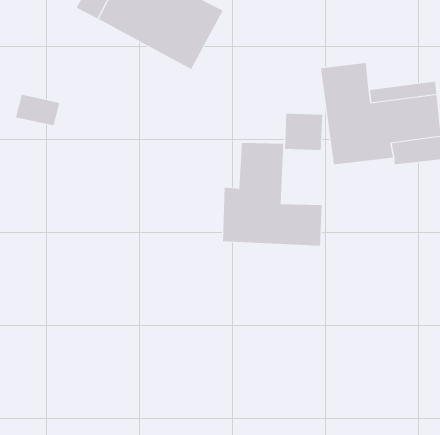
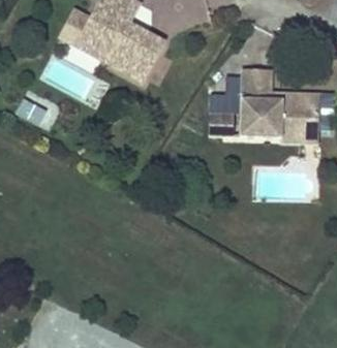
building: [222,142,322,247] -> none

